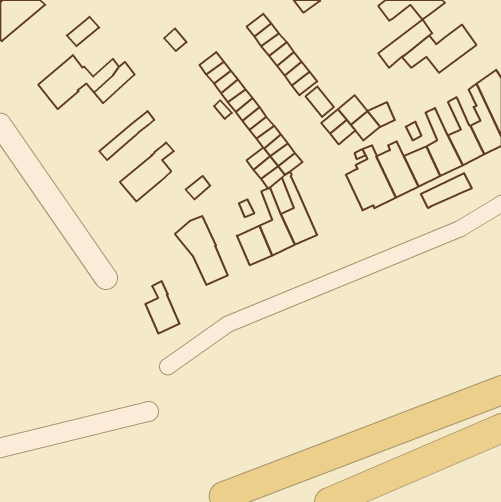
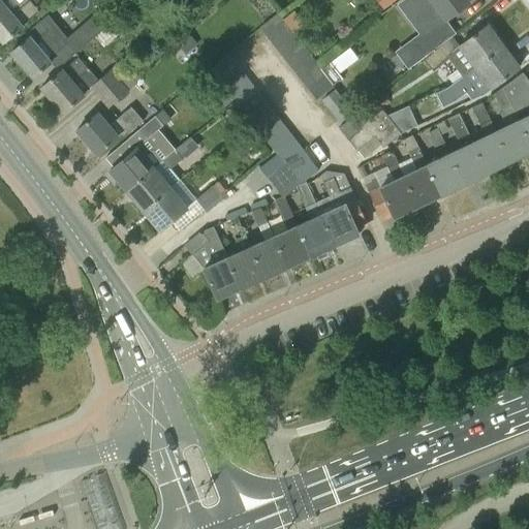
building: none -> [11,17,68,79]
building: none -> [446,48,519,101]
building: none -> [76,107,144,155]
building: none -> [111,131,175,191]
building: none -> [315,172,367,247]
building: [421,173,472,208] -> none
building: none -> [145,190,187,231]
building: [145,281,180,333] -> [227,235,263,289]

